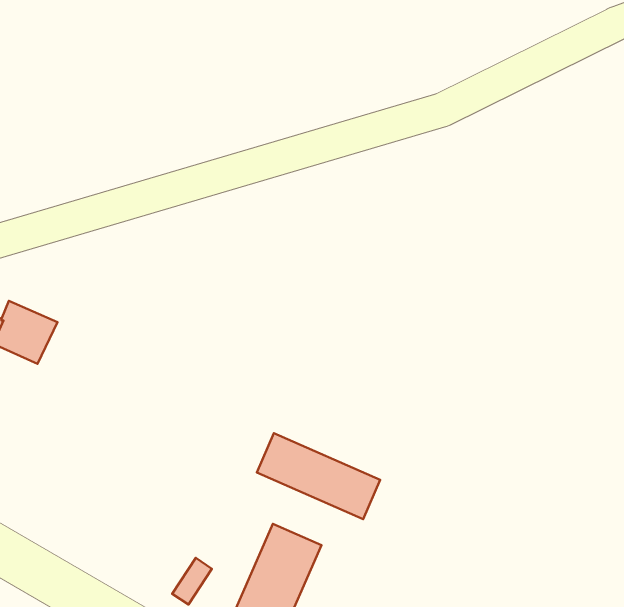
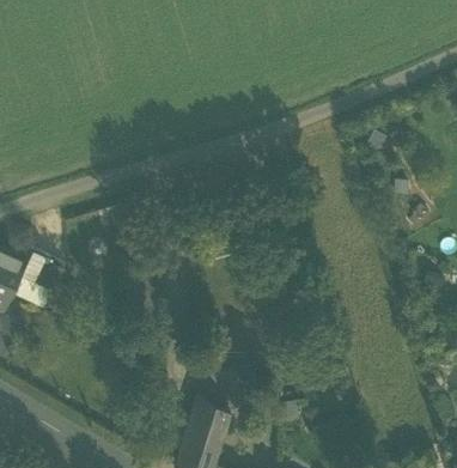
building: [257,433,380,519] -> none

